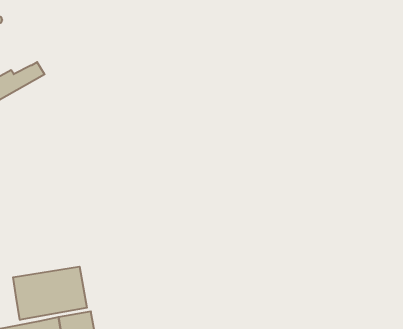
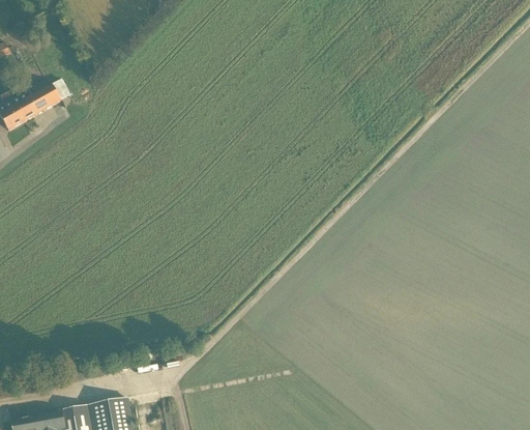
building: [13,267,87,320] -> none

